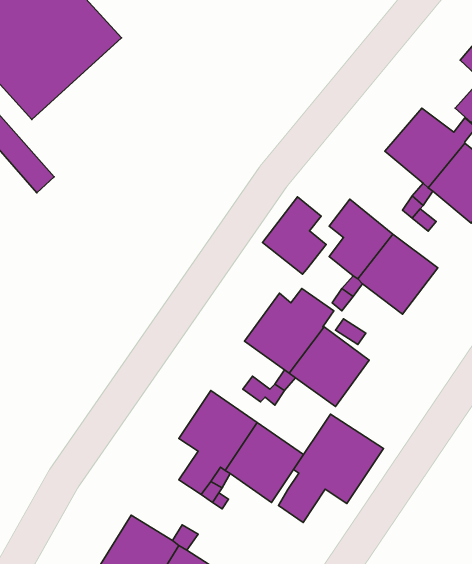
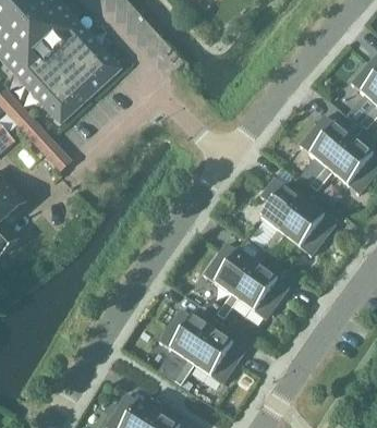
building: [263,197,326,274] -> none
building: [278,414,384,522] -> none

